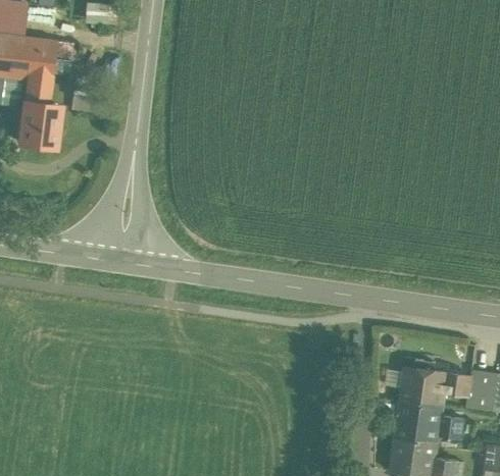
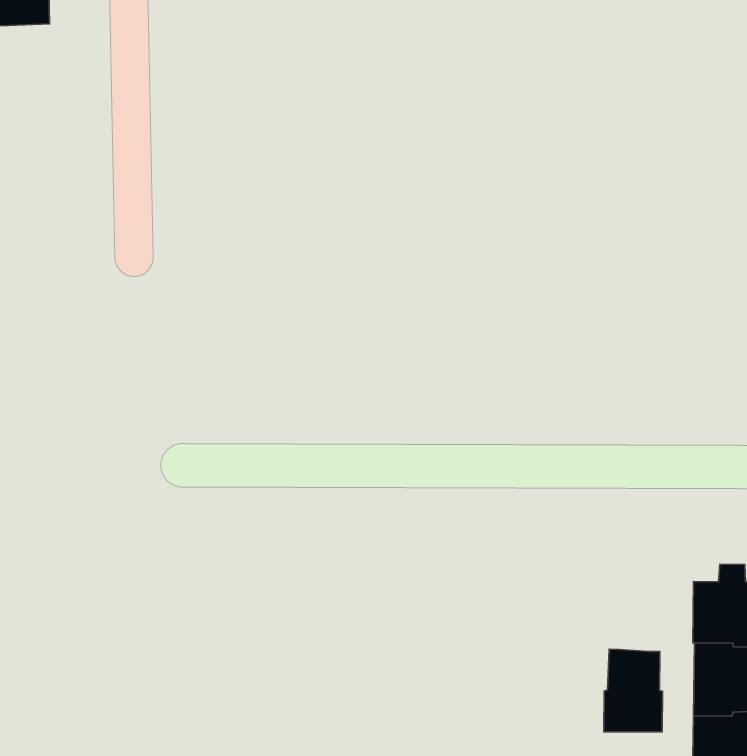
building: none -> [604,649,663,732]

